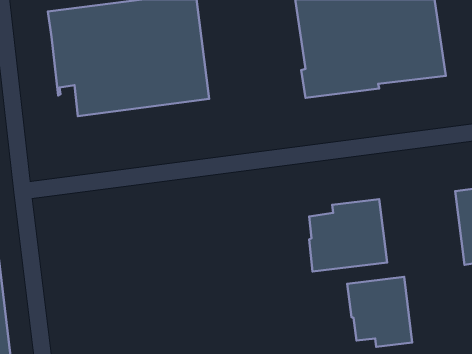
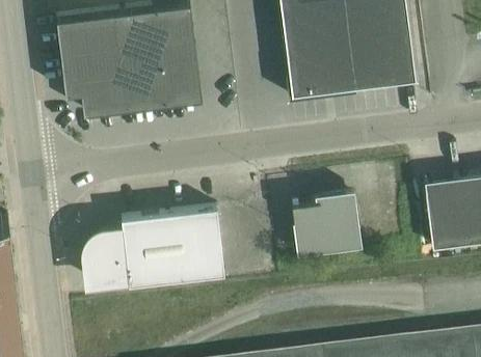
building: none -> [85,207,222,284]
building: [347,277,412,347] -> none

